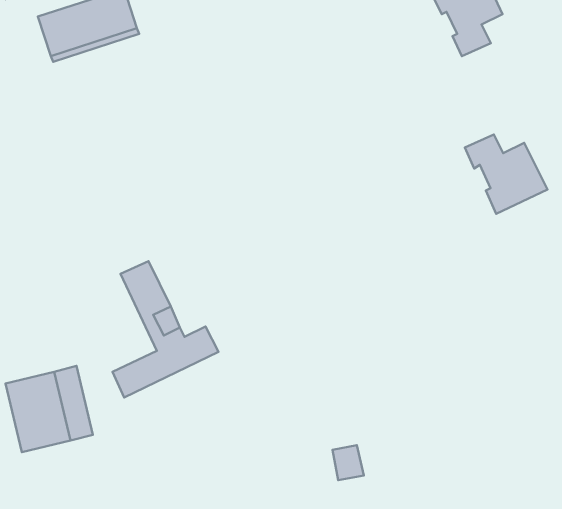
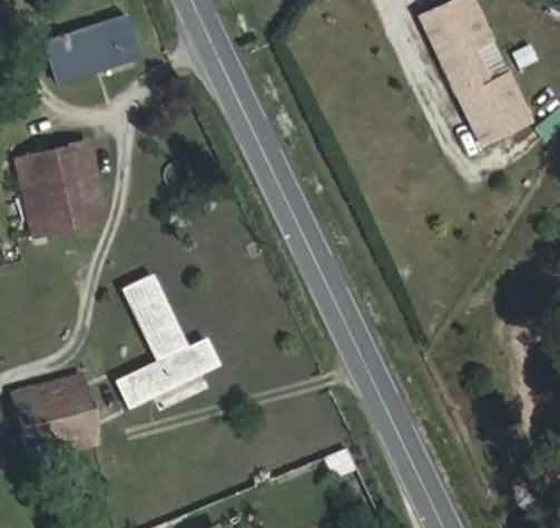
building: none -> [14,140,105,235]
building: [465,135,547,214] -> [450,67,529,143]

